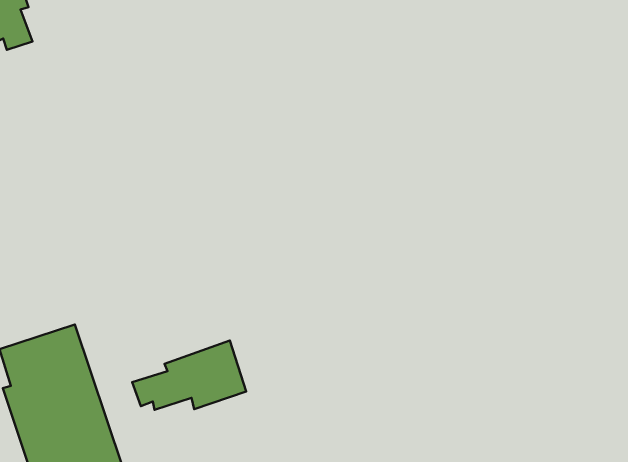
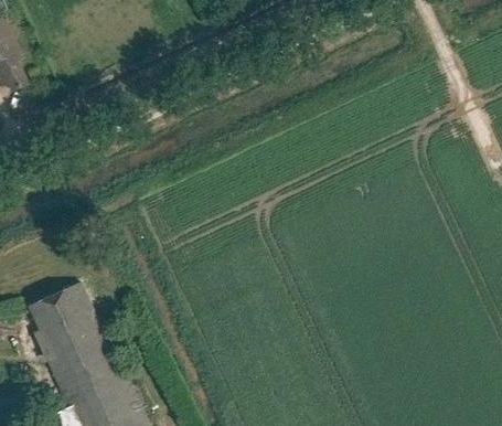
building: [132,341,246,410] -> none

